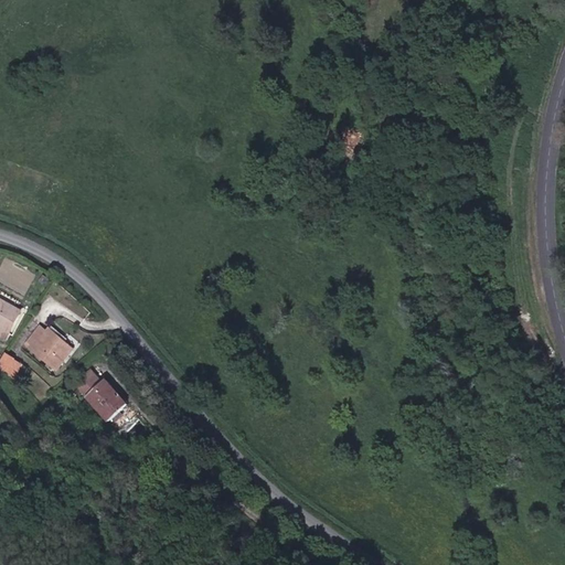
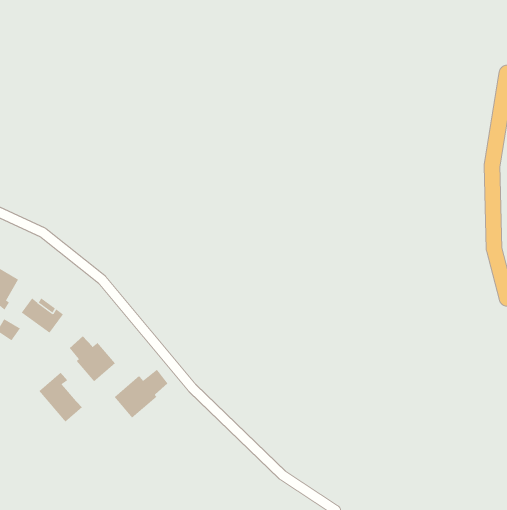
building: none -> [114,369,168,419]
building: none -> [39,372,83,422]

